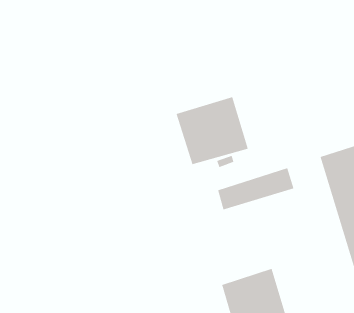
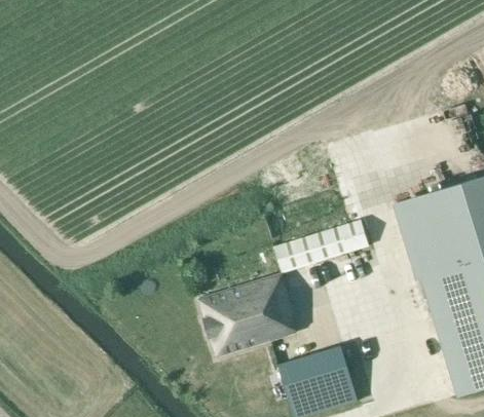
building: [175,96,249,165] -> none
building: none -> [193,273,295,355]

